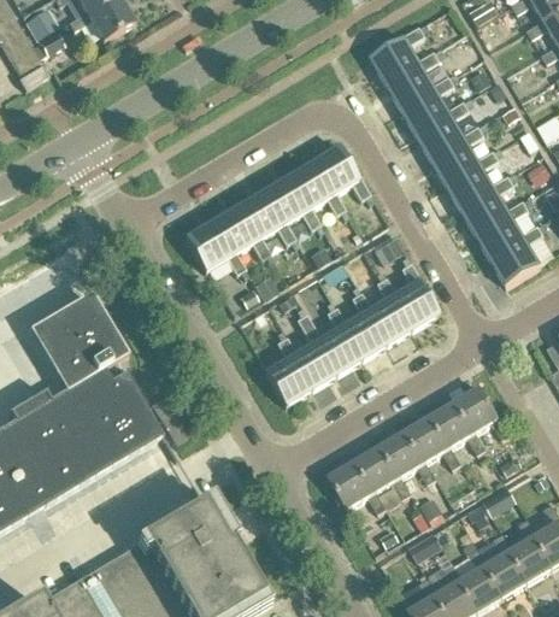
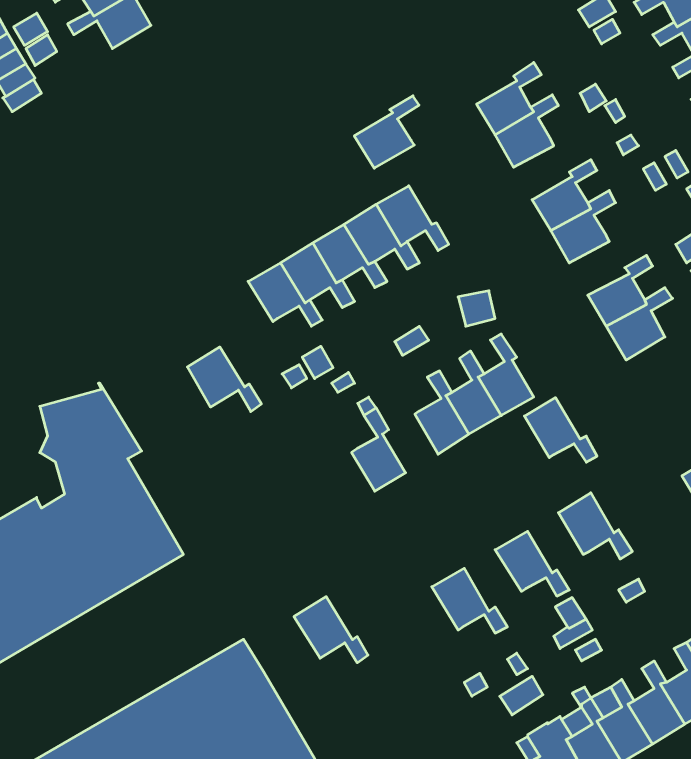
building: [375,28,425,84] -> [354,96,419,168]
building: [419,102,470,159] -> none
building: [463,177,513,234] -> none
building: [187,223,245,274] -> [187,347,261,412]
building: [317,307,360,372] -> none
building: [267,337,311,402] -> none
building: [430,404,487,454] -> [524,398,597,462]
building: [381,433,439,483] -> none
building: [330,462,388,513] -> [294,597,368,663]

